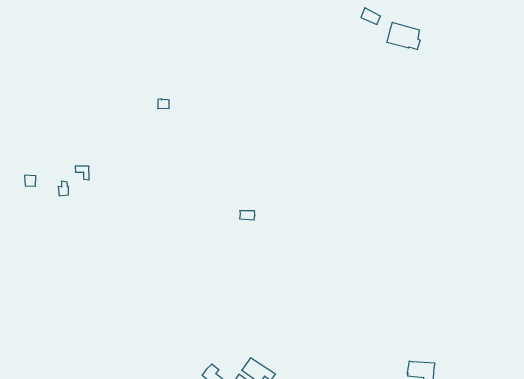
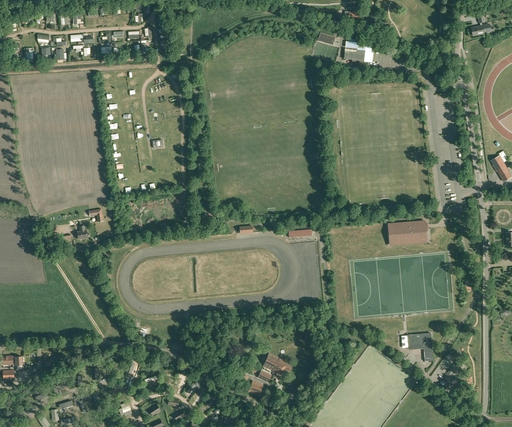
building: none -> [391,222,426,244]

